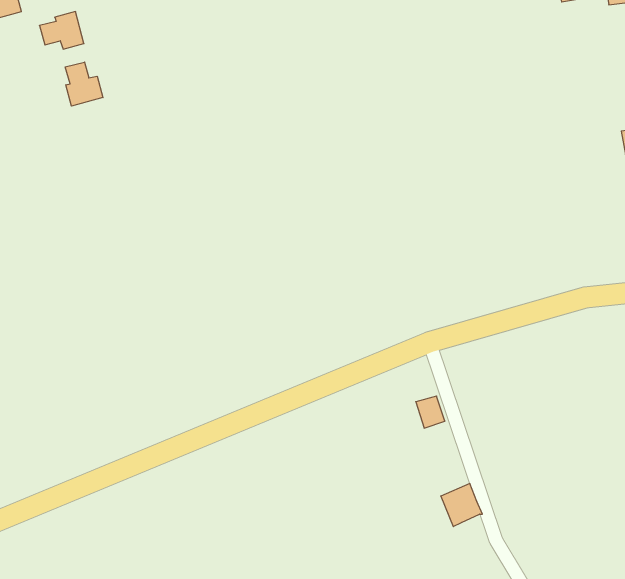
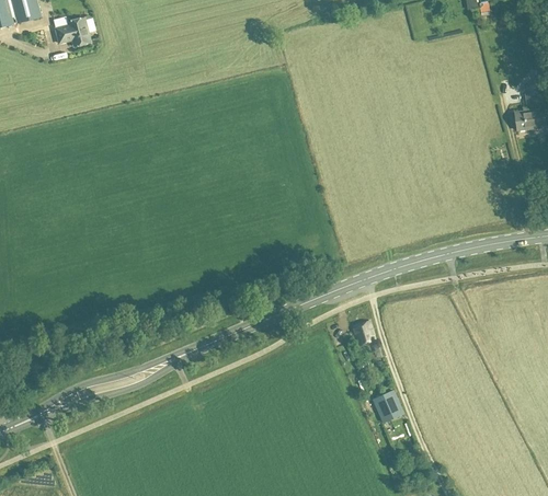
building: [65,62,103,106] -> none

